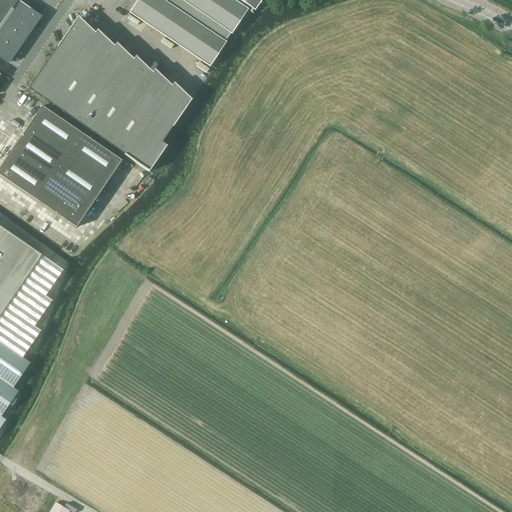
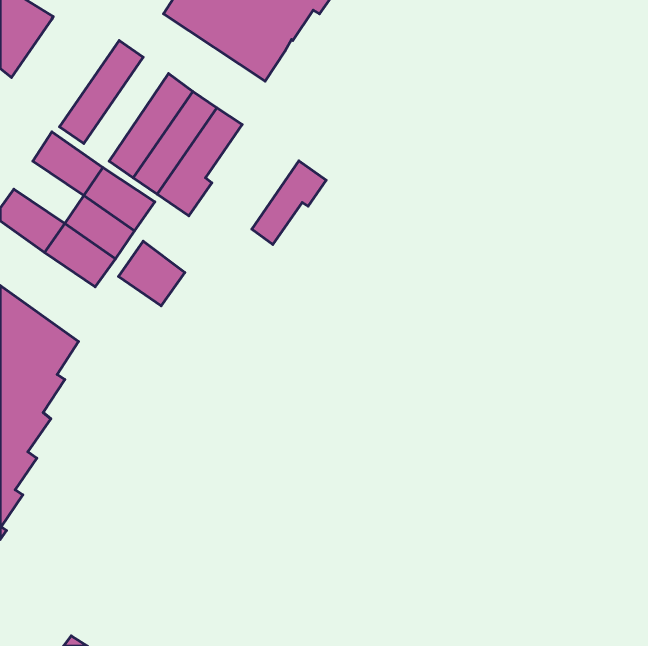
building: [28,19,94,100] -> none
building: [66,45,133,127] -> none
building: none -> [252,161,326,245]
building: [11,127,66,176] -> none
building: none -> [119,241,185,306]

